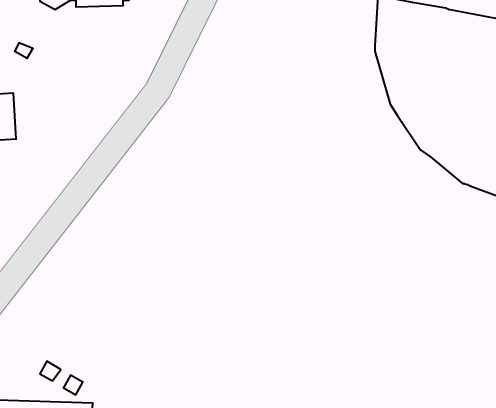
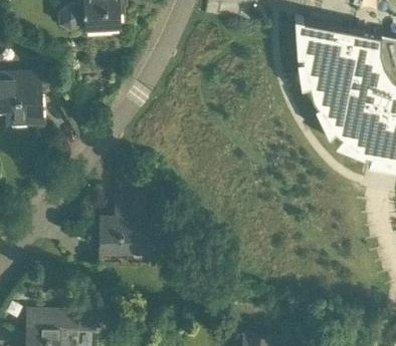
building: none -> [100,200,155,254]

